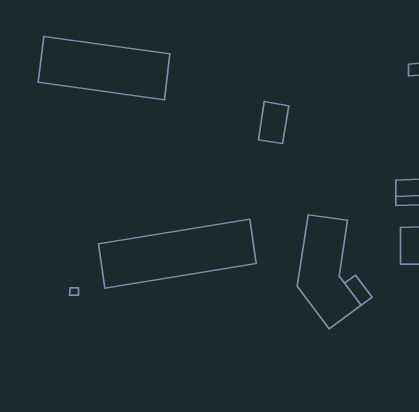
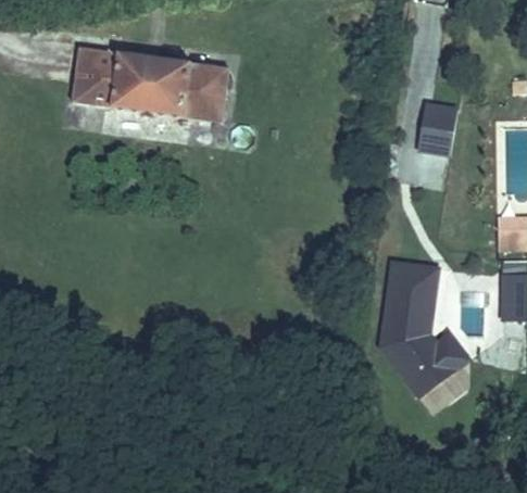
building: [259,101,289,143] -> [421,104,456,154]
building: [99,219,256,288] -> none

